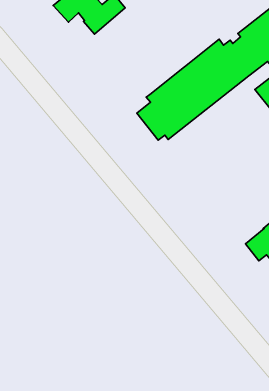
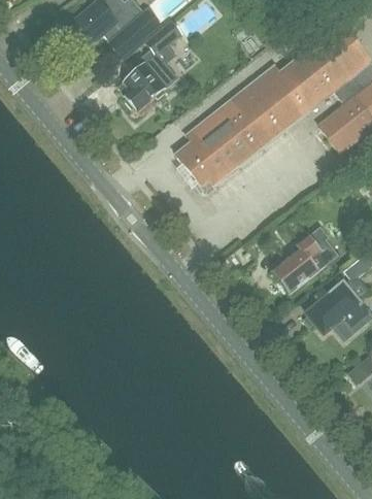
building: none -> [119,21,181,110]
building: none -> [272,224,329,292]

